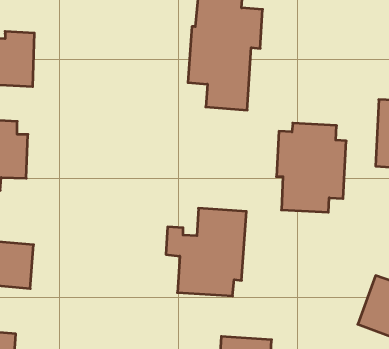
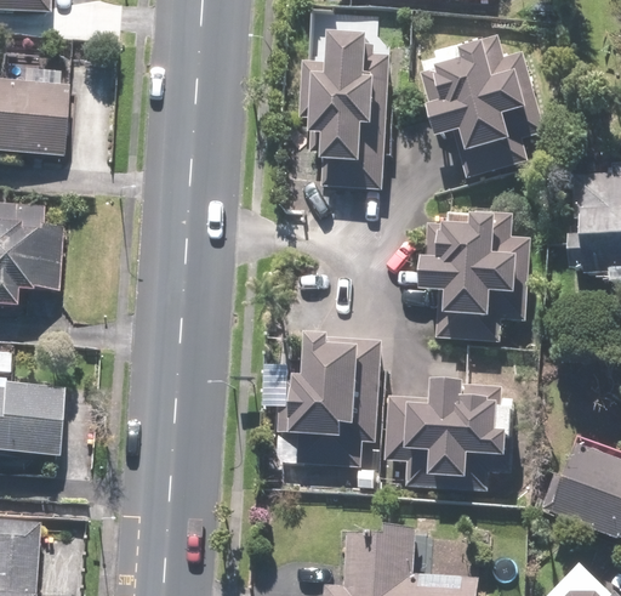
building: none -> [421,38,547,178]
building: none -> [383,384,518,489]

